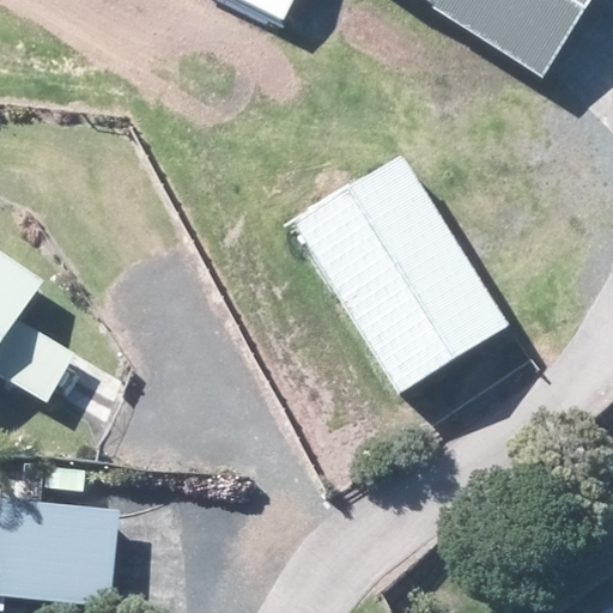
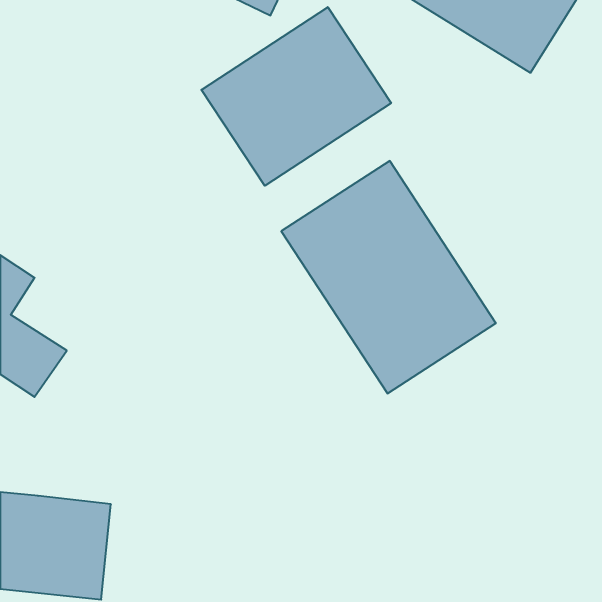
building: none -> [201,7,391,186]

